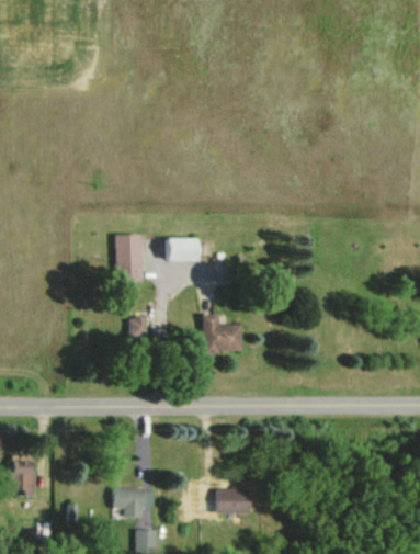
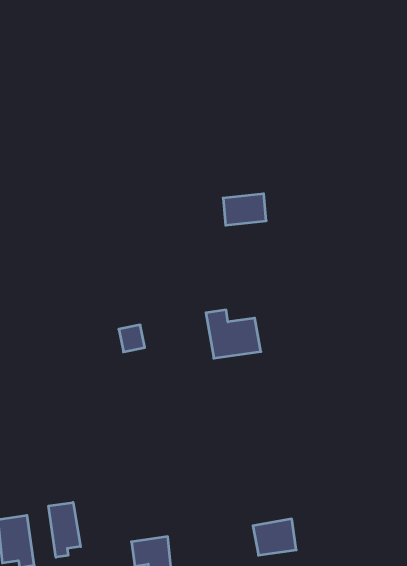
building: [117,234,144,281] -> none
building: [166,237,200,260] -> [223,194,266,225]
building: none -> [49,502,81,557]

